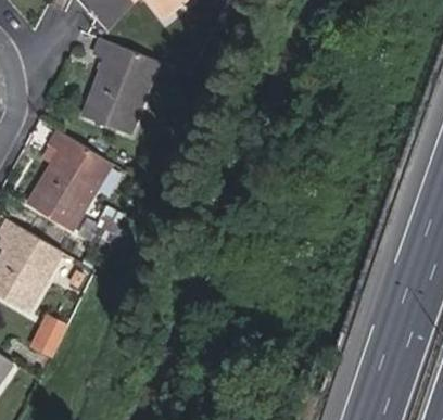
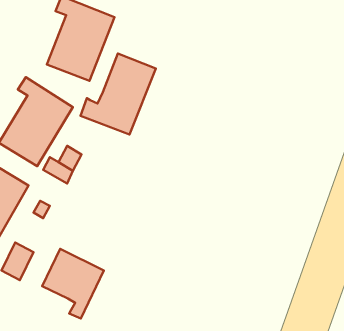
building: none -> [80,54,156,135]
building: none -> [42,249,104,318]

